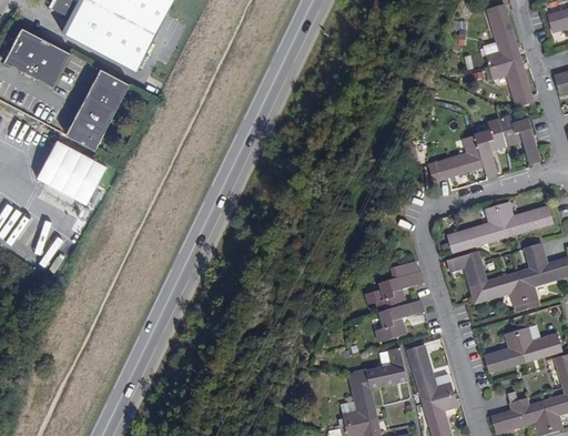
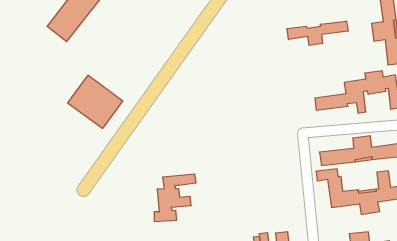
building: none -> [287,21,348,45]
building: [36,139,106,204] -> [68,75,123,128]
building: [373,271,422,341] -> [154,174,196,221]

